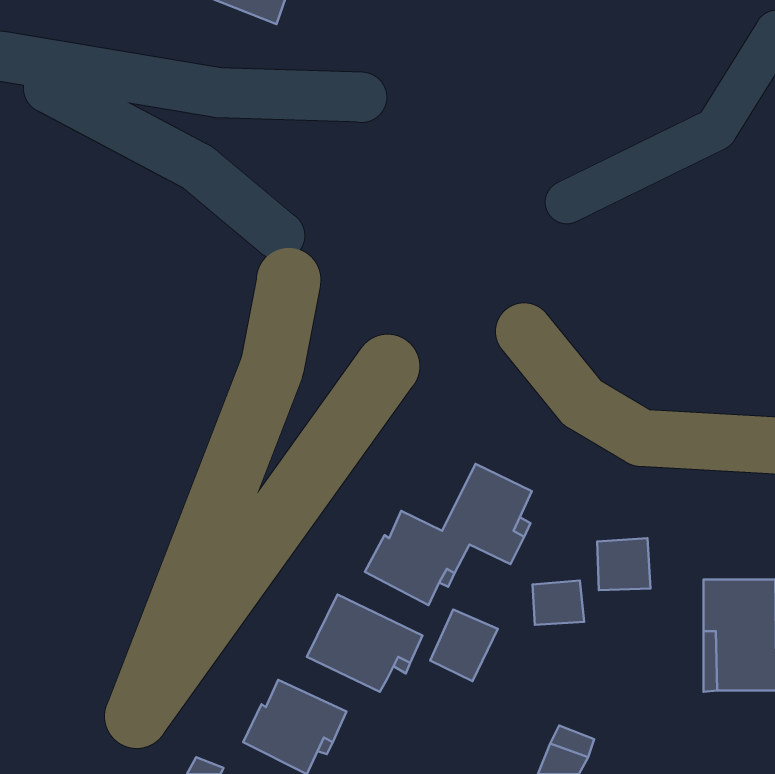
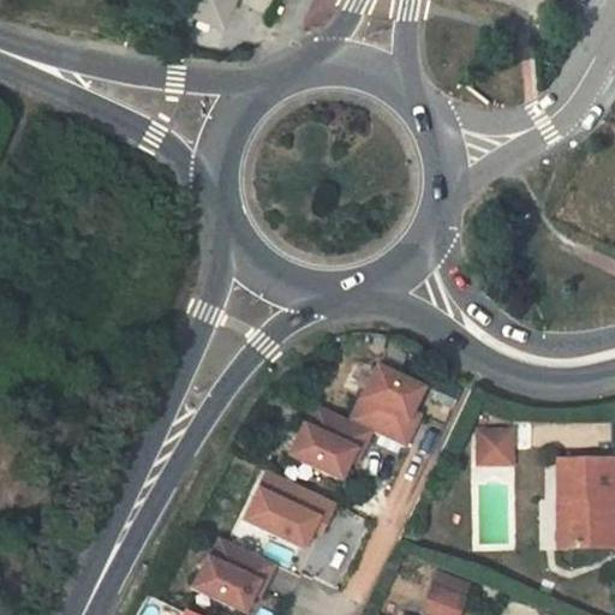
building: [532,580,584,625] -> none
building: [430,610,498,681] -> none

